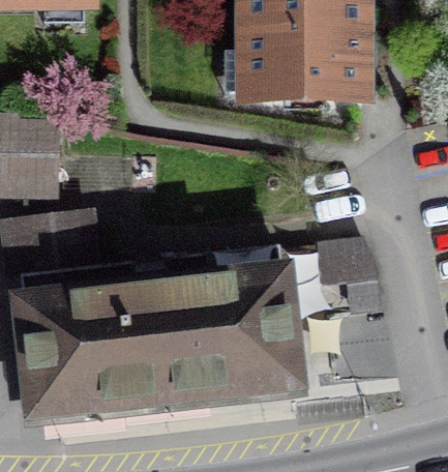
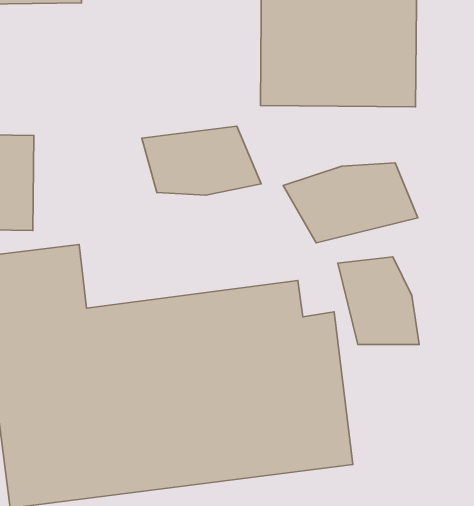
building: none -> [142,126,261,195]
building: none -> [283,163,418,243]

